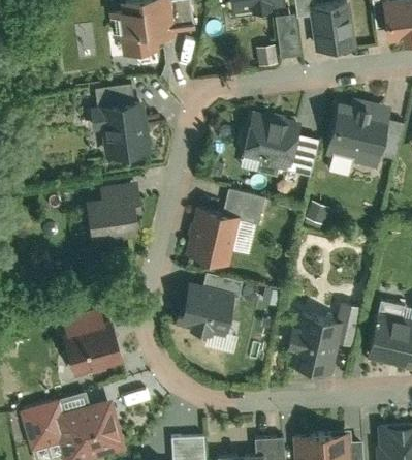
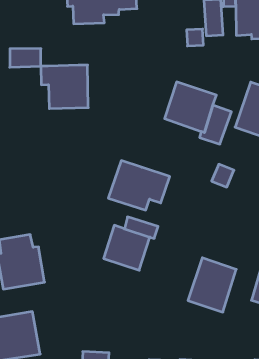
building: [96,84,134,110] -> [10,49,41,67]
building: [84,183,144,244] -> none
building: [221,191,264,224] -> none

